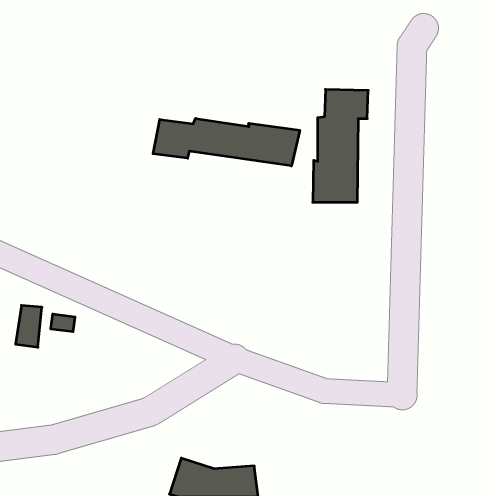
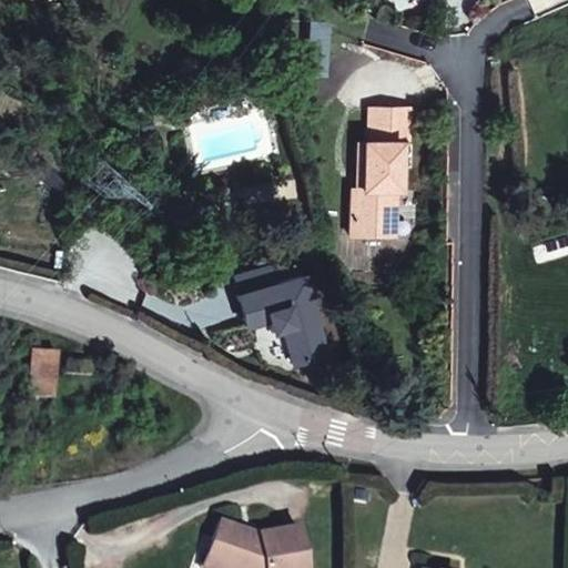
building: [153,118,300,166] -> none
building: none -> [239,267,328,355]

